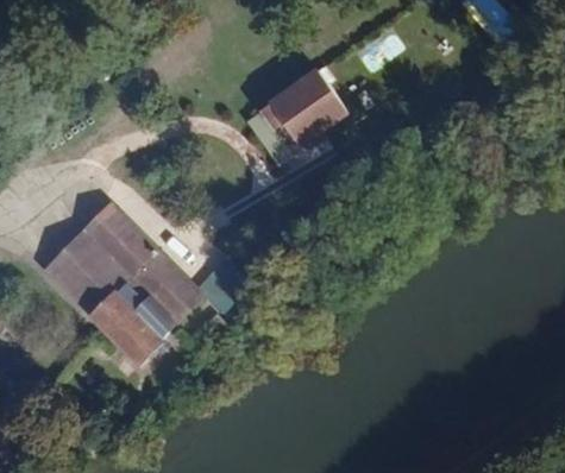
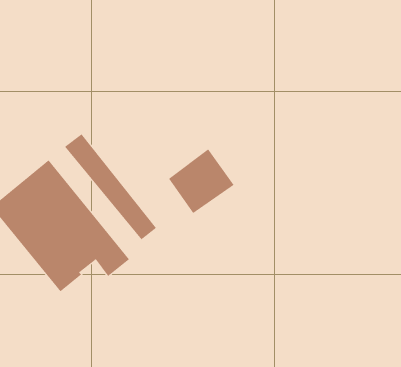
building: [264,76,340,151] -> [168,149,234,214]

